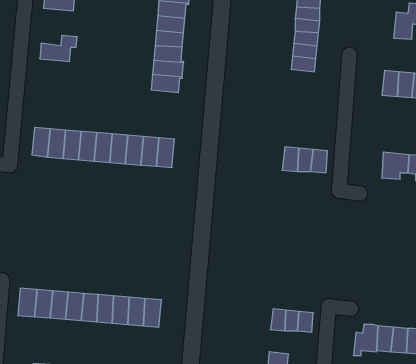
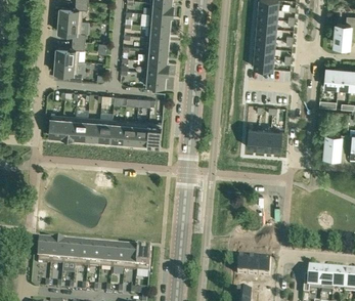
building: none -> [57,18,86,41]
building: none -> [54,58,82,80]

